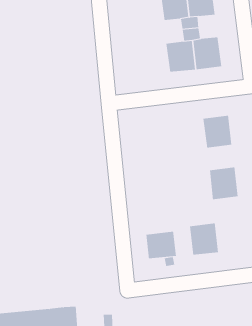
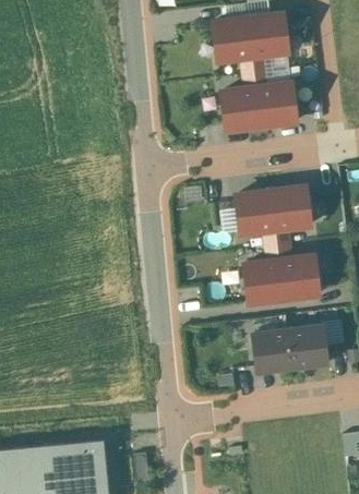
building: none -> [236,191,276,233]
building: none -> [244,260,284,303]
building: none -> [288,325,327,369]
building: [146,231,176,259] -> none

